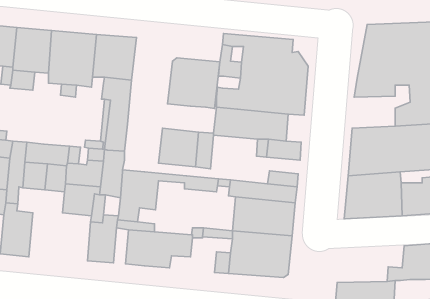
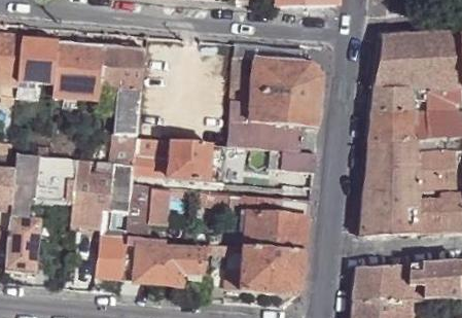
building: [167,58,220,109] -> none
building: none -> [367,108,412,141]
building: none -> [133,137,172,177]
building: none -> [352,262,421,301]

